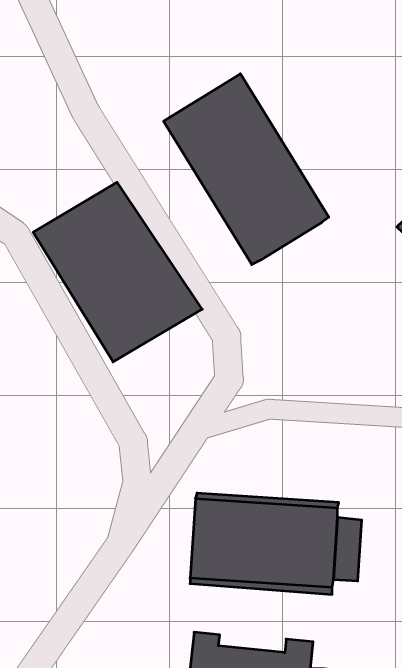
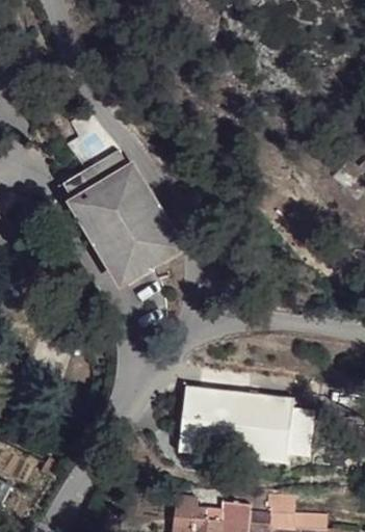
building: [164,74,329,265] -> none

